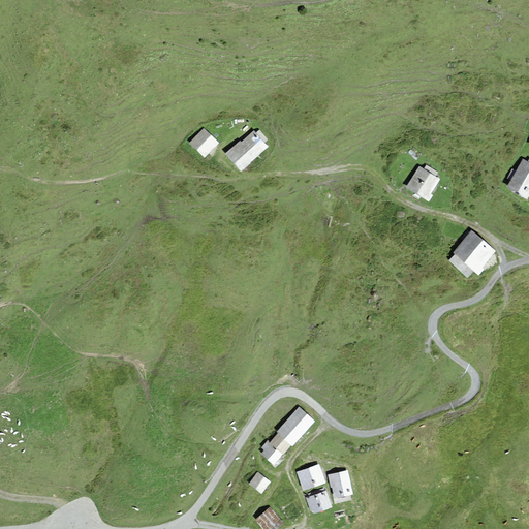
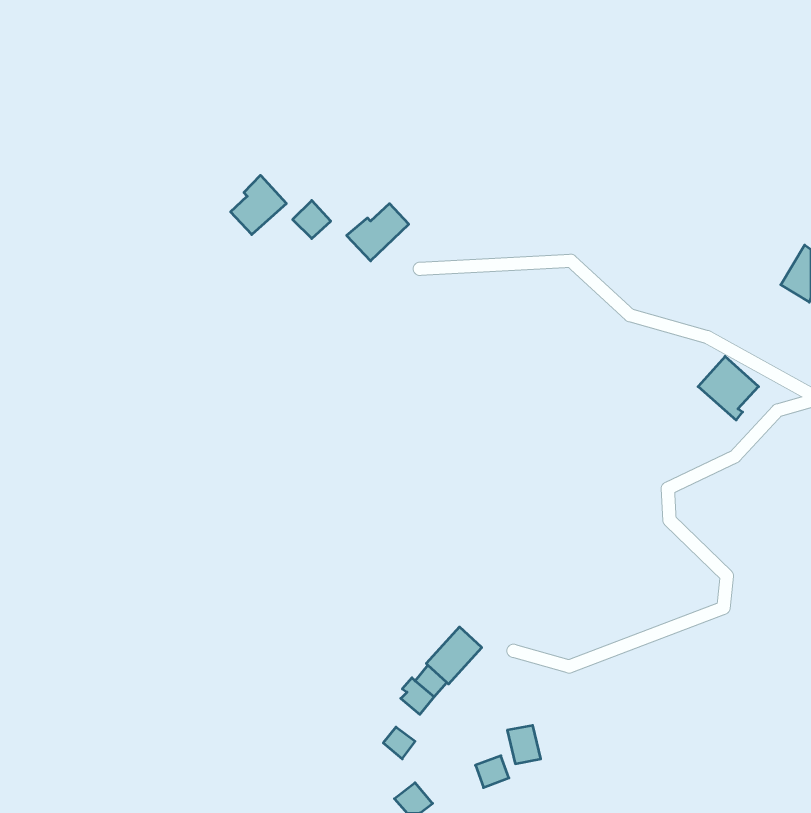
building: none -> [231,175,286,235]
building: [407,167,437,199] -> none
building: [297,465,323,489] -> none

